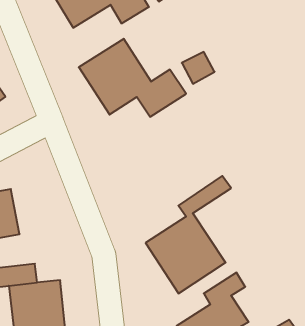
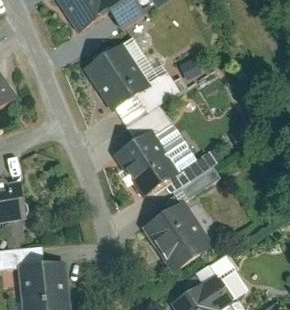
building: none -> [113,107,220,197]

